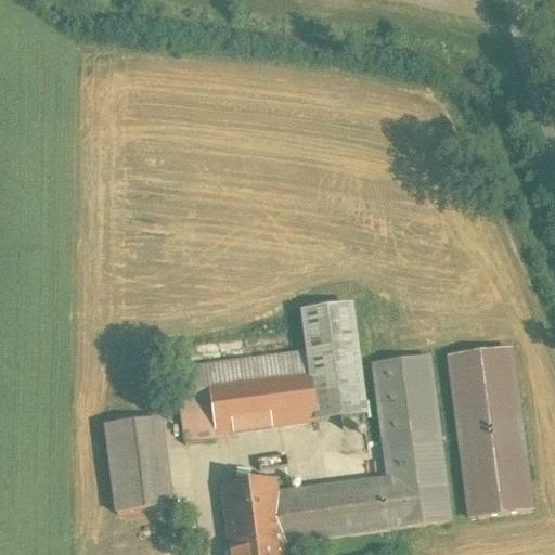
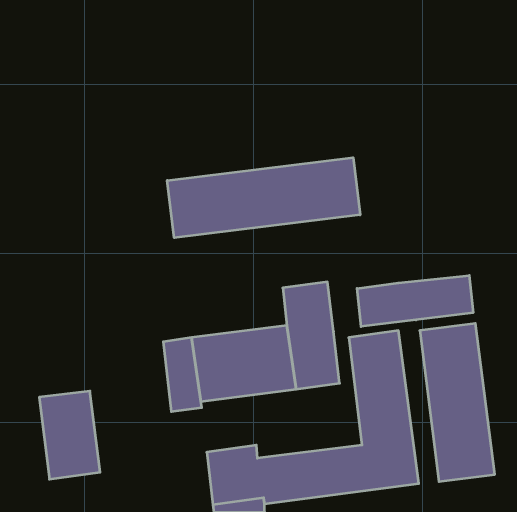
building: none -> [167,158,360,238]
building: none -> [357,275,473,327]
building: [105,416,170,511] -> [39,391,100,479]

